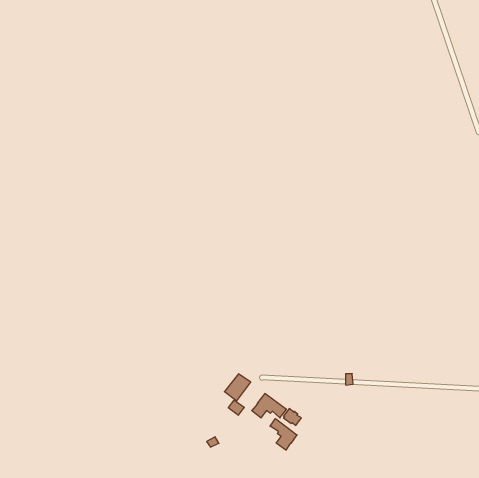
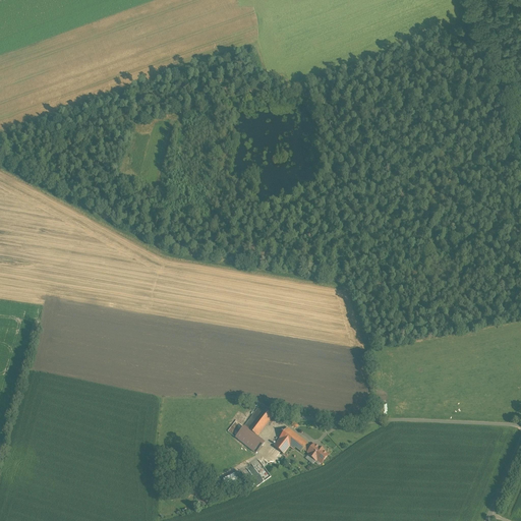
building: [270,419,297,450] -> none

